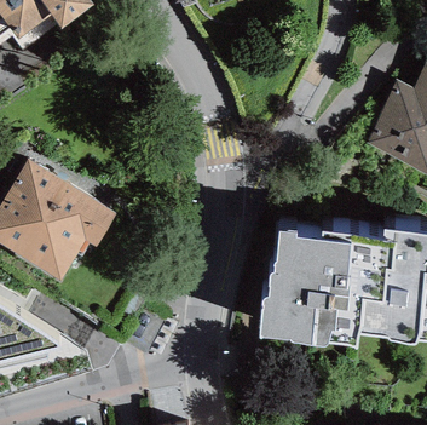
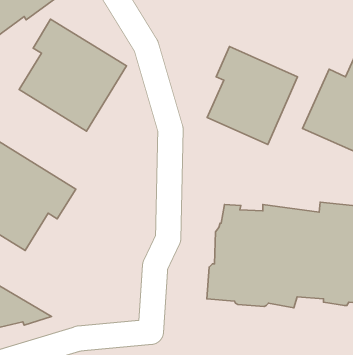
building: none -> [19,19,127,131]
building: none -> [207,47,298,145]

